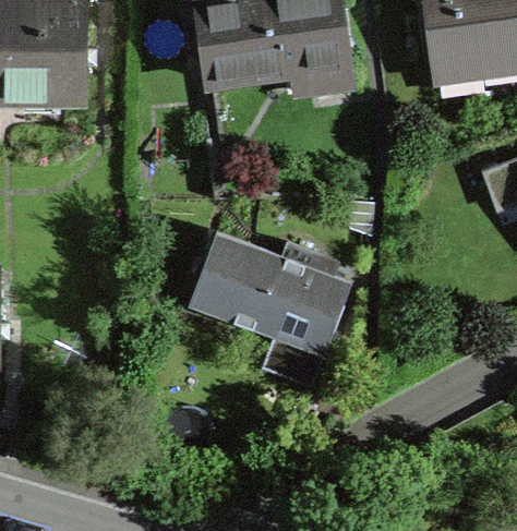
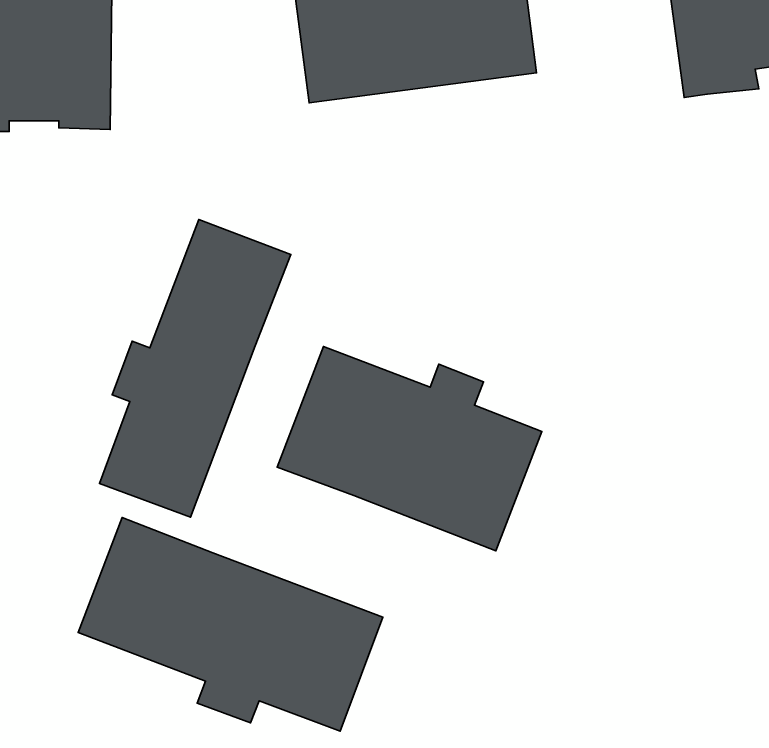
building: none -> [99,220,291,517]
building: none -> [78,517,383,731]

